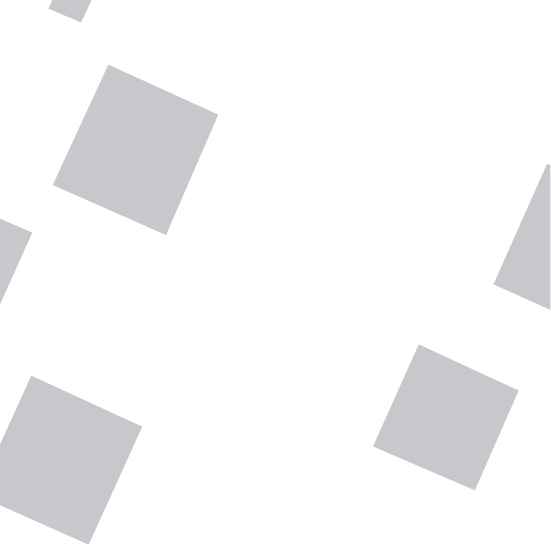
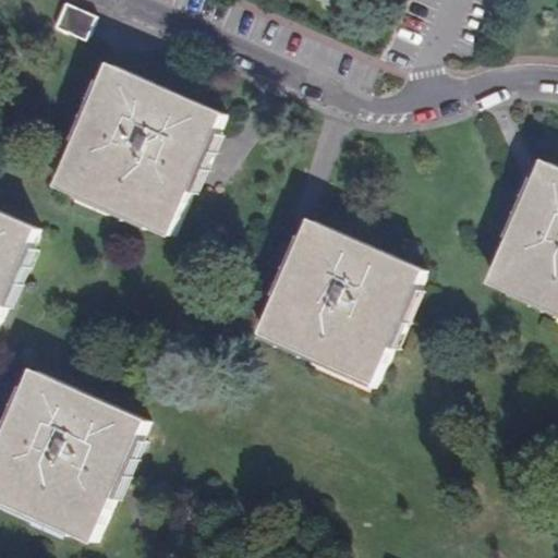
building: none -> [258,221,420,380]
building: [372,344,520,491] -> none

